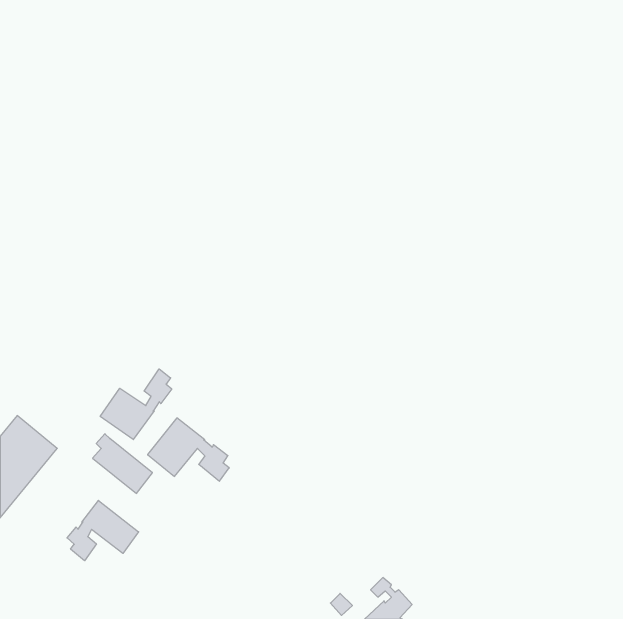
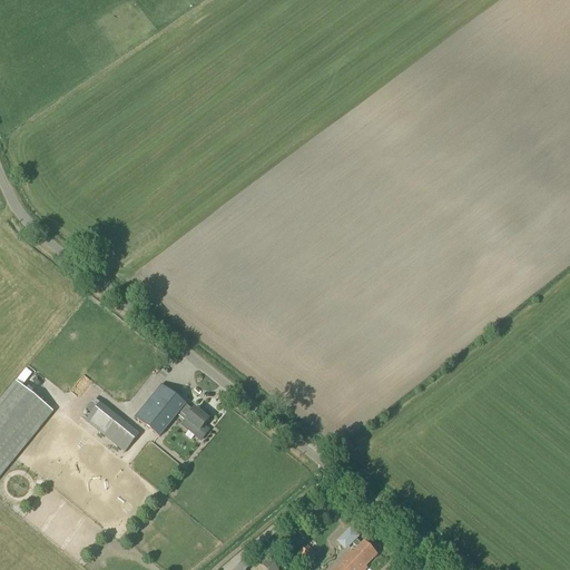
building: [100,369,172,440] -> none
building: [67,500,139,561] -> none

